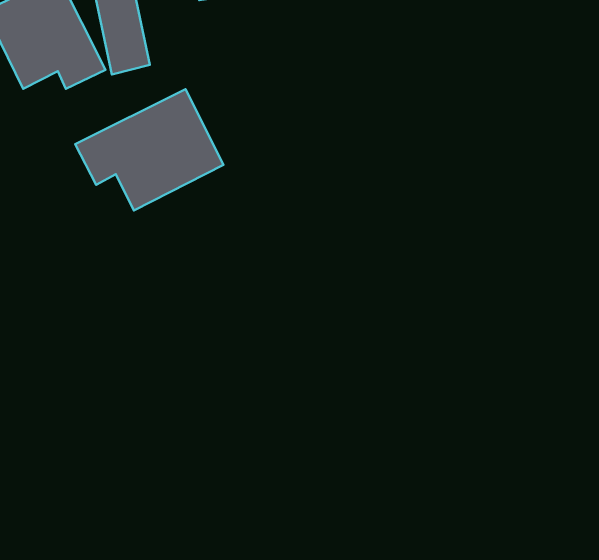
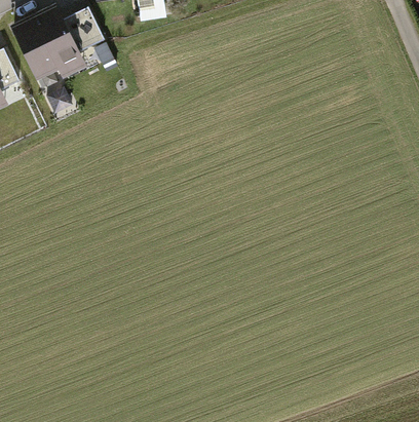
building: [75,89,223,210] -> none

